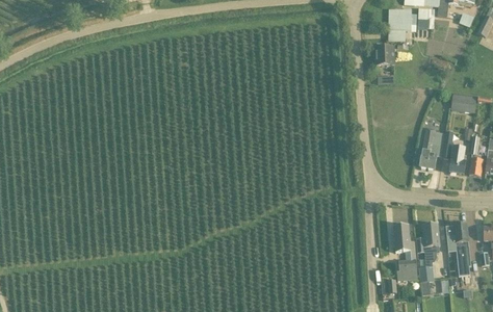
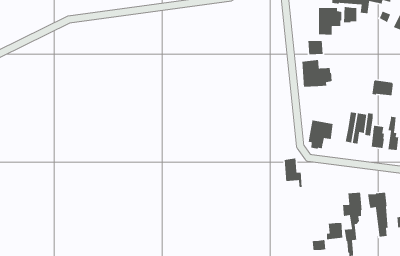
building: none -> [302,59,332,88]
building: none -> [308,120,334,149]
building: [394,224,416,259] -> [284,158,302,188]

